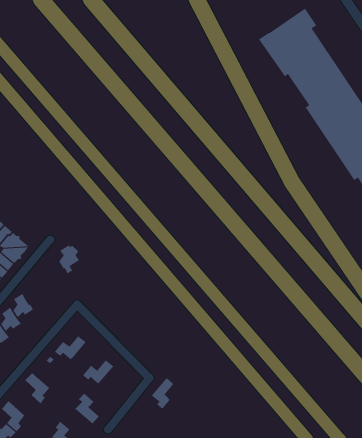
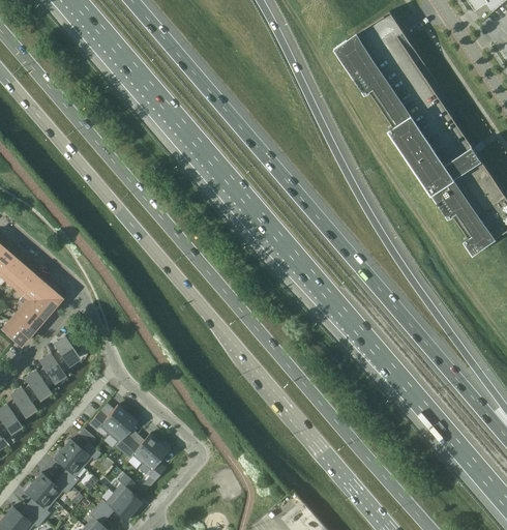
building: [58,245,80,274] -> [53,337,79,373]
building: none -> [109,413,137,452]
building: none -> [62,439,100,468]
building: [151,377,174,410] -> [142,442,170,481]
building: none -> [33,473,72,501]
building: none -> [95,493,135,522]

